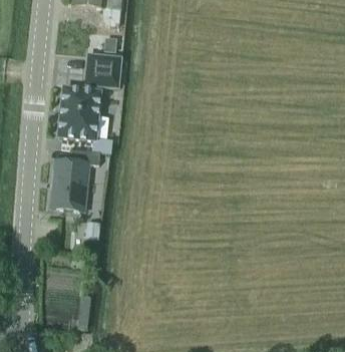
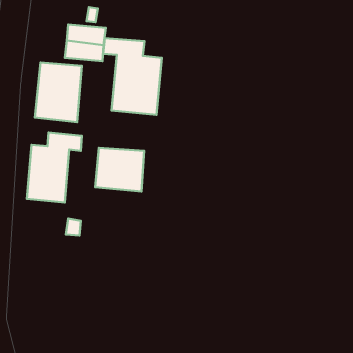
building: none -> [103,38,162,115]
building: none -> [95,148,144,191]

